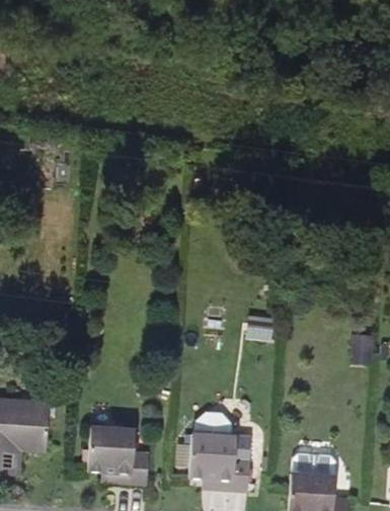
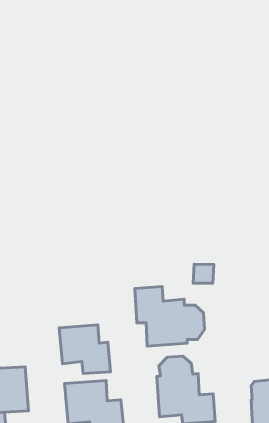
building: none -> [135,287,205,346]
building: none -> [59,325,110,373]

